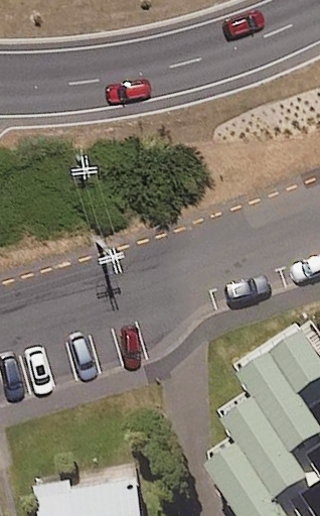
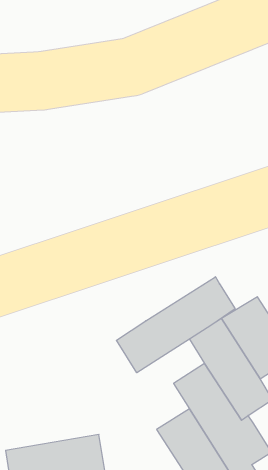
building: none -> [116,277,235,373]

